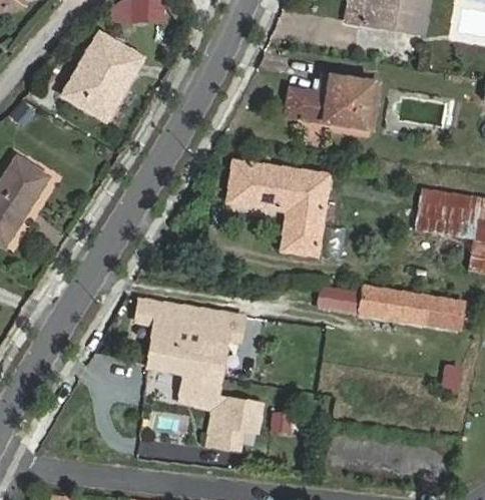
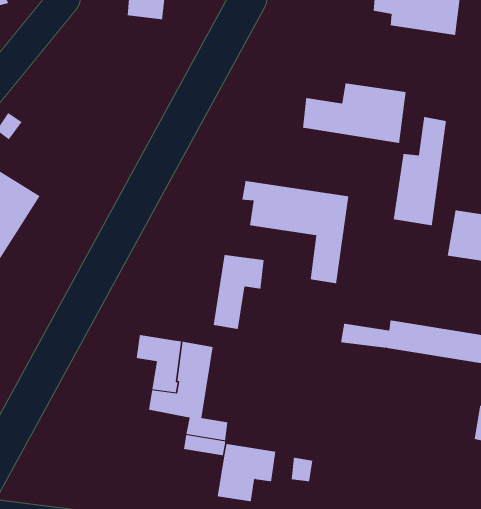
building: [59,30,145,124] -> none
building: none -> [393,116,447,226]
building: [196,311,242,378] -> [213,254,264,330]

